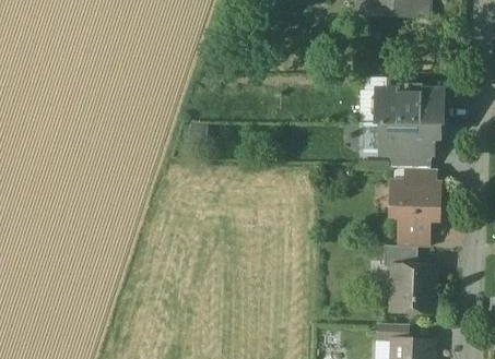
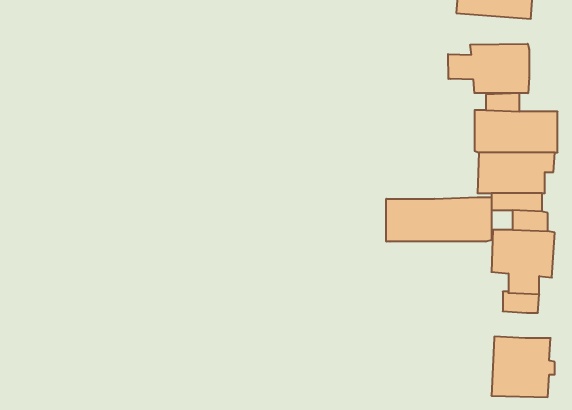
building: none -> [448,44,529,93]
building: none -> [386,197,491,242]
building: [384,244,417,266] -> none

